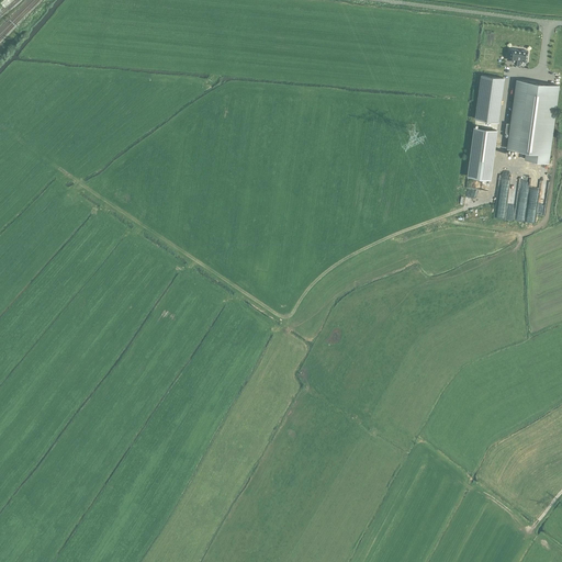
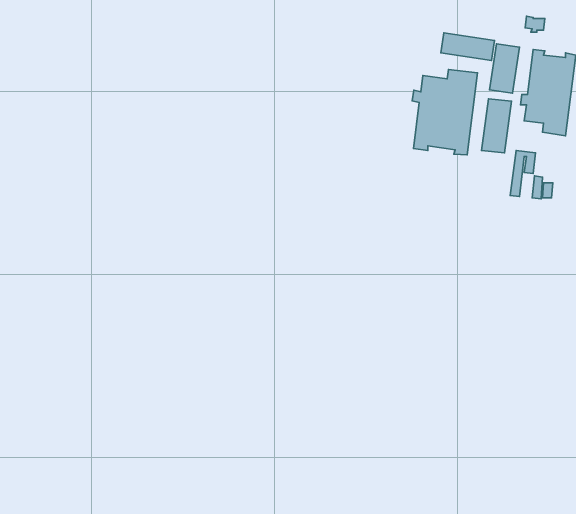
building: none -> [441,33,494,61]
building: none -> [412,69,478,155]

